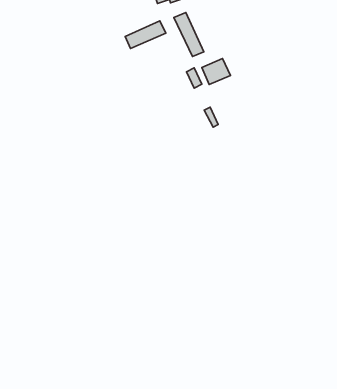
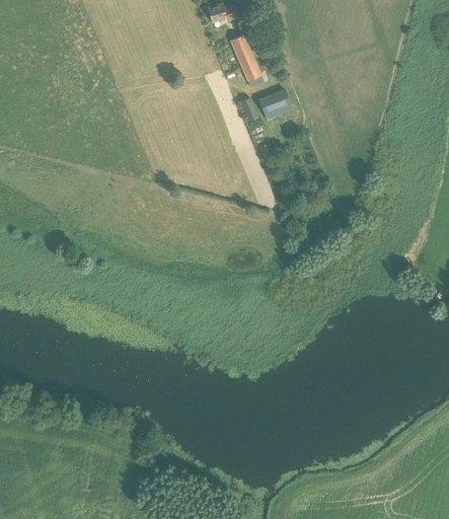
building: [125,21,166,48] -> none

